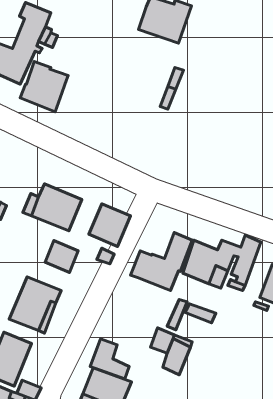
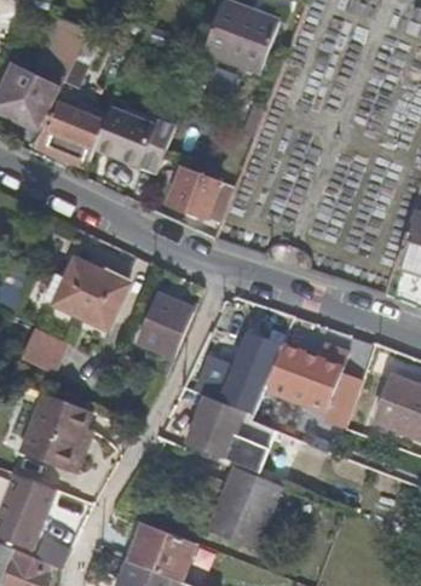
building: none -> [96,108,178,172]
building: none -> [172,163,223,217]
building: [45,240,78,273] -> [28,331,74,375]
building: none -> [186,397,243,458]
building: [90,339,129,379] -> [207,494,261,550]

